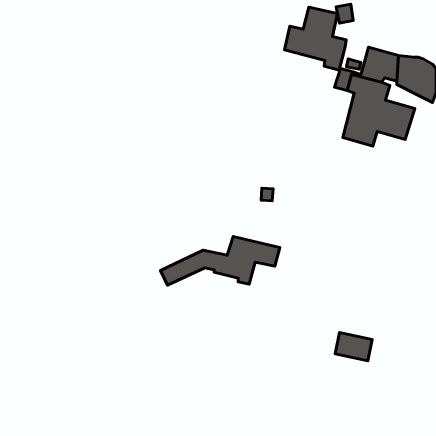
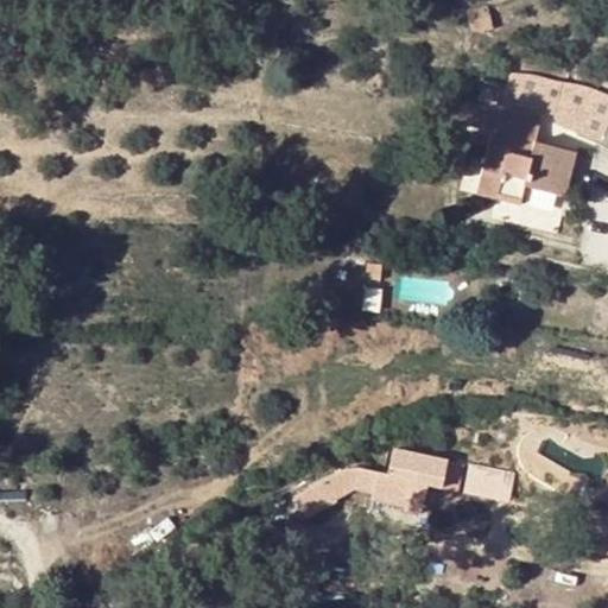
building: [284,7,346,70] -> none
building: [161,236,280,285] -> [297,449,463,517]

